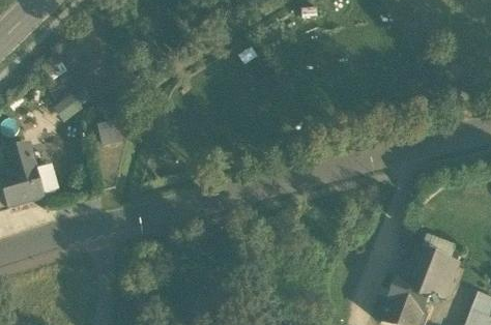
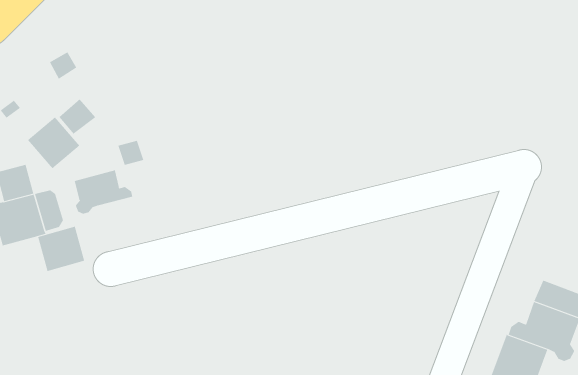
building: none -> [27,116,80,169]
building: none -> [74,170,133,214]
building: none -> [37,226,85,272]

